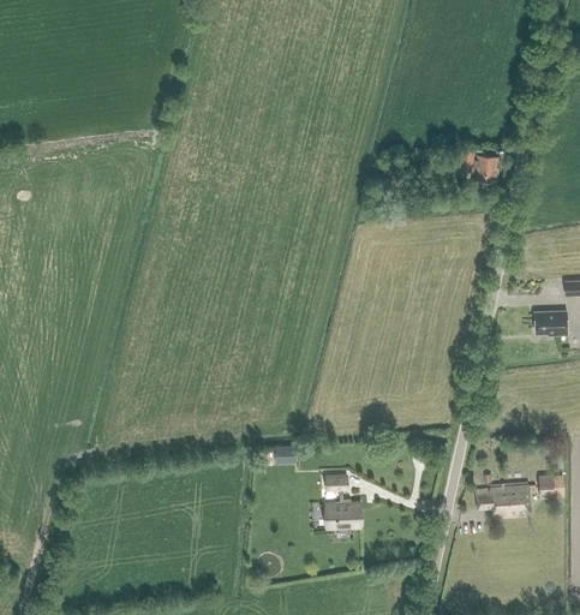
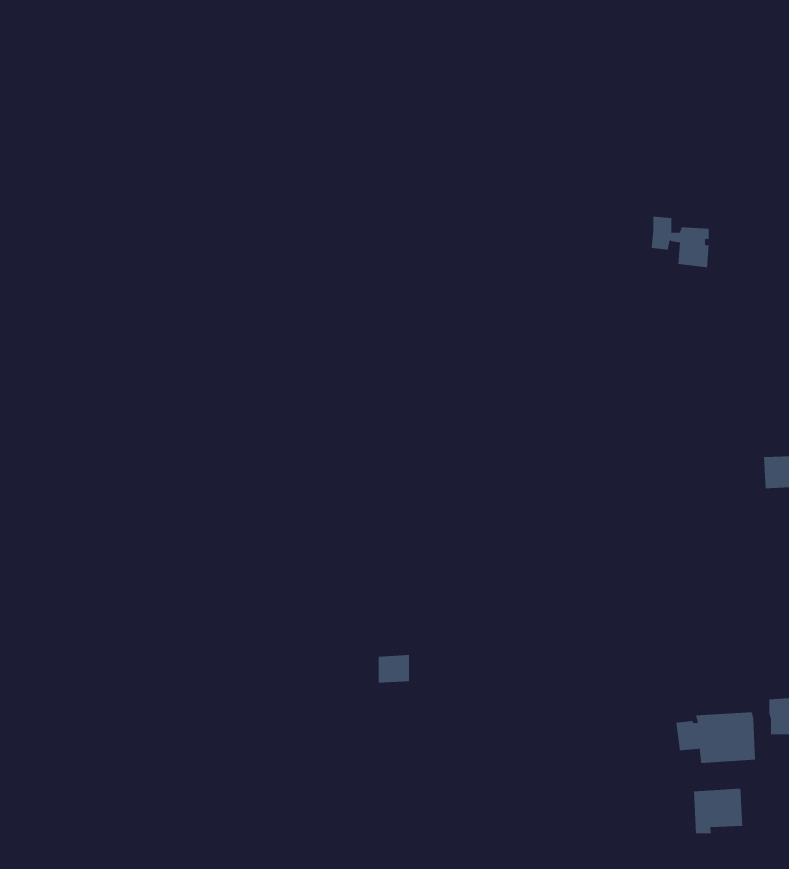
building: [325,473,360,529] -> none
building: none -> [693,788,743,834]

